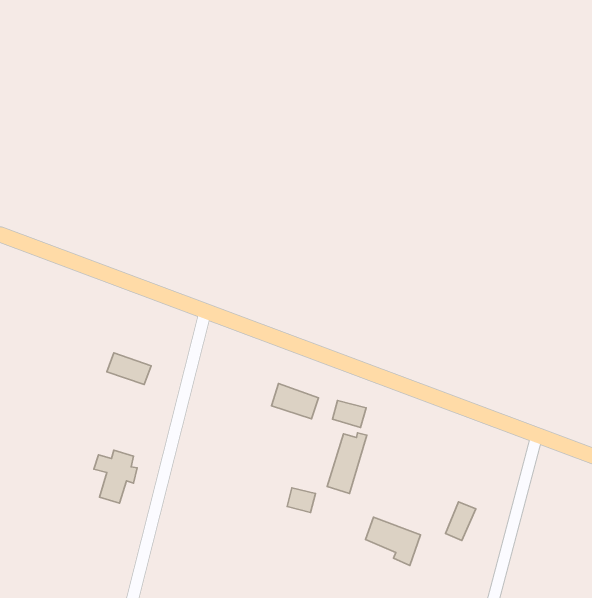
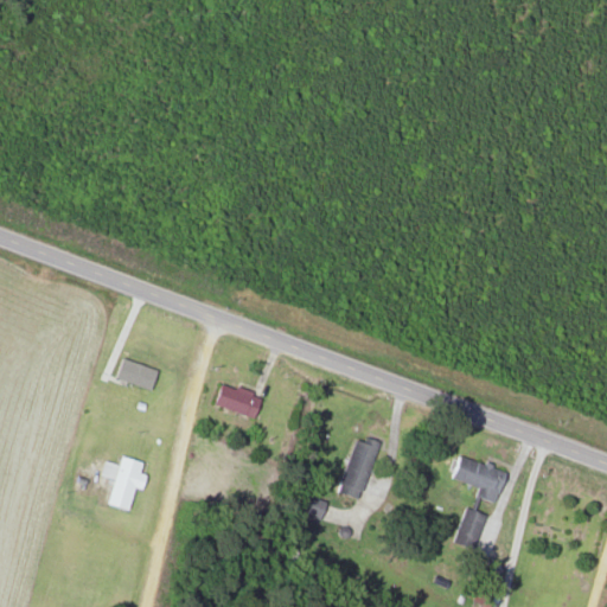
building: [271,384,318,419] -> [215,382,262,417]
building: [332,401,366,427] -> none
building: [365,517,420,565] -> [451,454,506,503]

